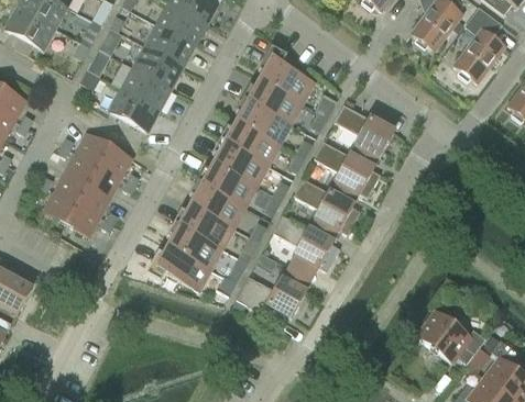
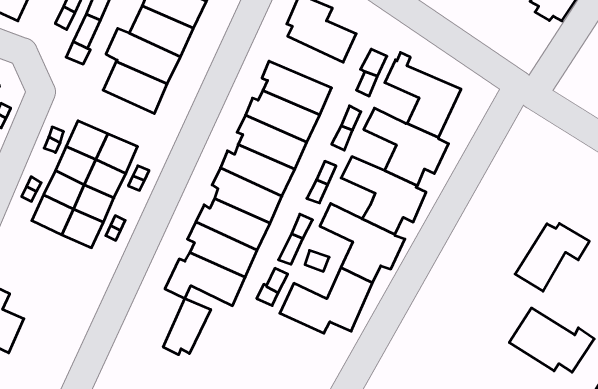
building: [242,79,302,123] -> none
building: none -> [515,223,589,291]
building: none -> [163,298,211,355]

